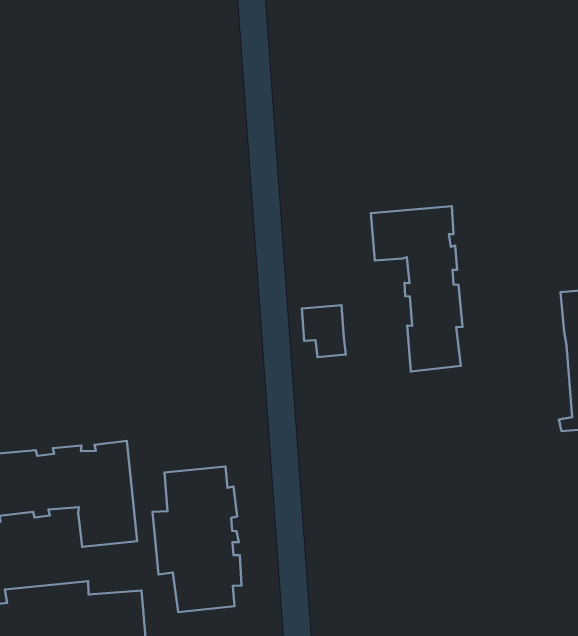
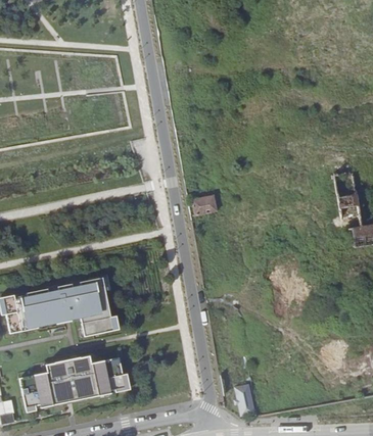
building: [371,206,462,371] -> none
building: [152,467,241,612] -> none

